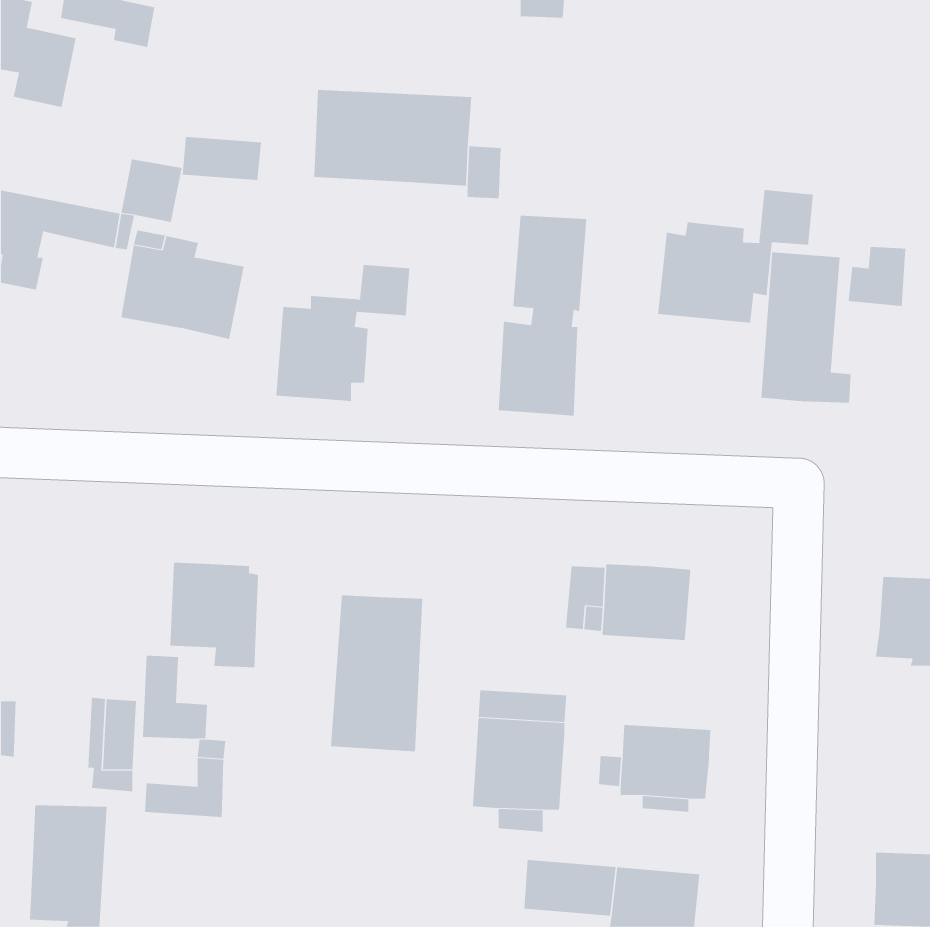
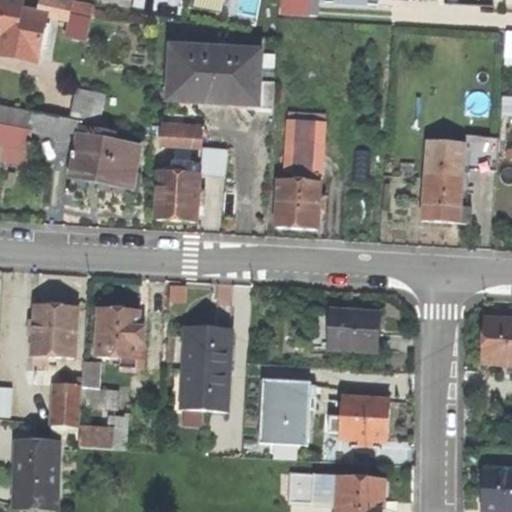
building: [182,137,262,180] -> [157,121,201,145]
building: [658,189,814,323] -> none
building: none -> [32,303,73,355]

